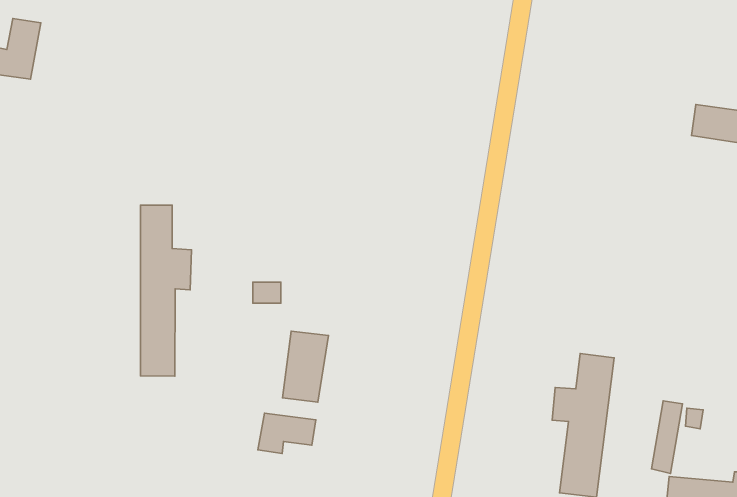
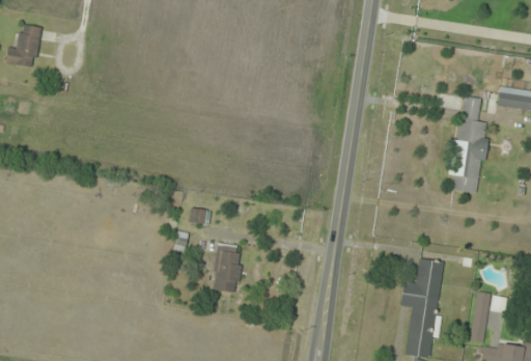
building: none -> [450,98,486,194]
building: [141,205,191,376] -> none
building: [258,413,316,454] -> none

